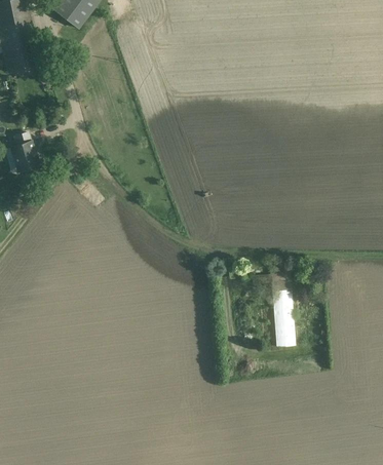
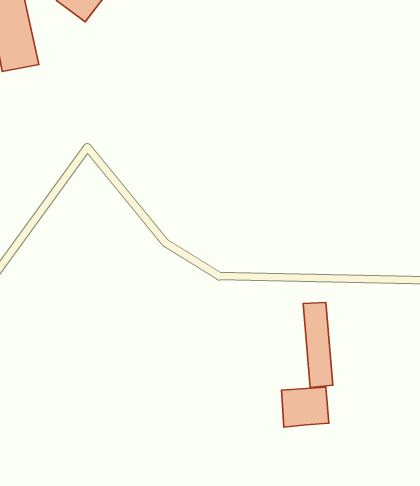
building: [10,142,37,171] -> none
building: none -> [281,387,329,427]

